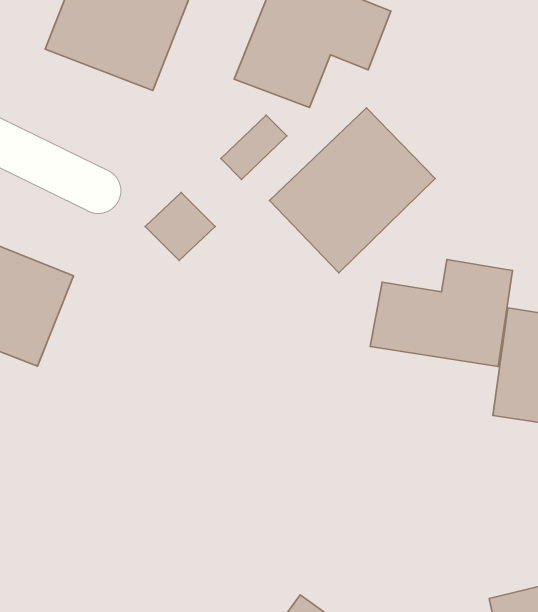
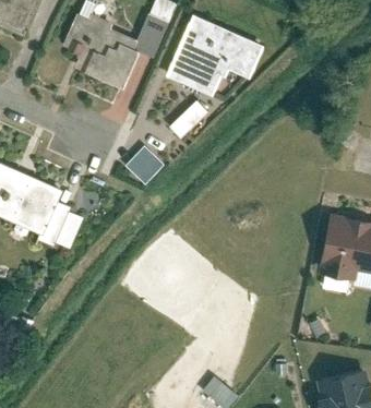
building: [269,108,435,273] -> none
building: [370,259,513,367] -> none

